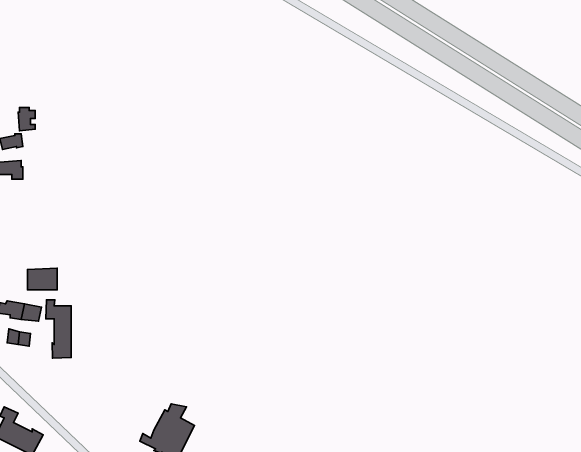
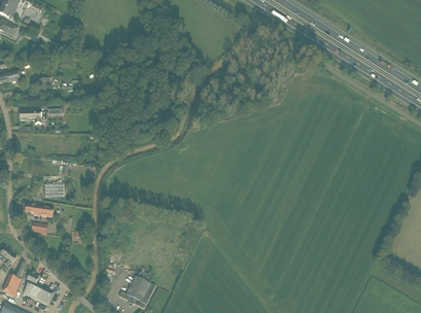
building: [46,300,71,358] -> none

